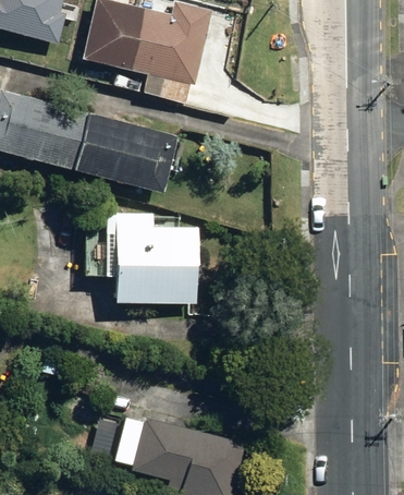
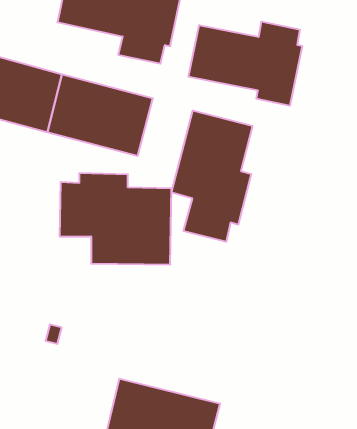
building: none -> [189,22,302,106]
building: none -> [171,110,252,242]

